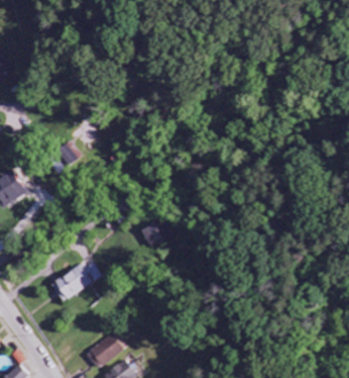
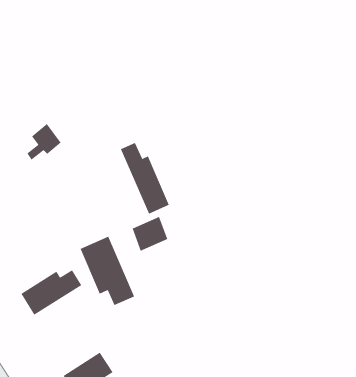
building: none -> [120,142,170,215]
building: none -> [80,236,135,306]

